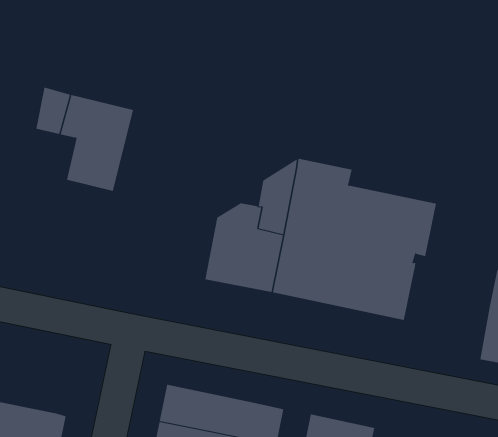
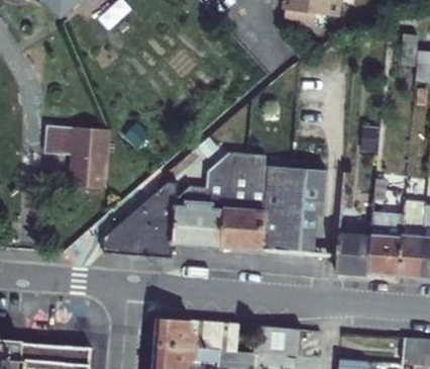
building: none -> [99,183,177,258]
building: none -> [335,235,370,274]

